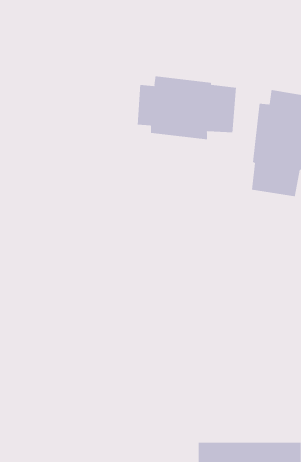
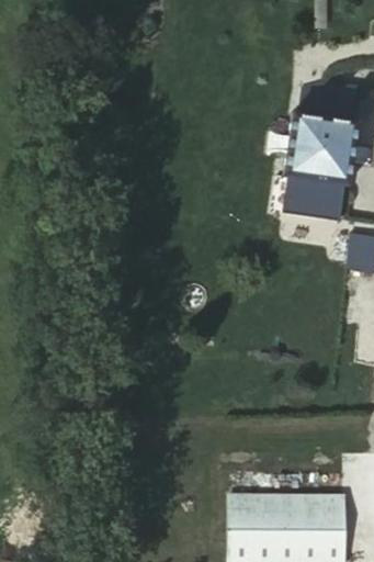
building: [137,75,237,140] -> none

